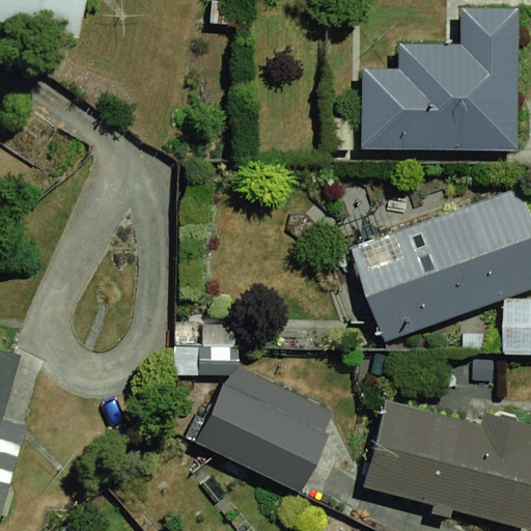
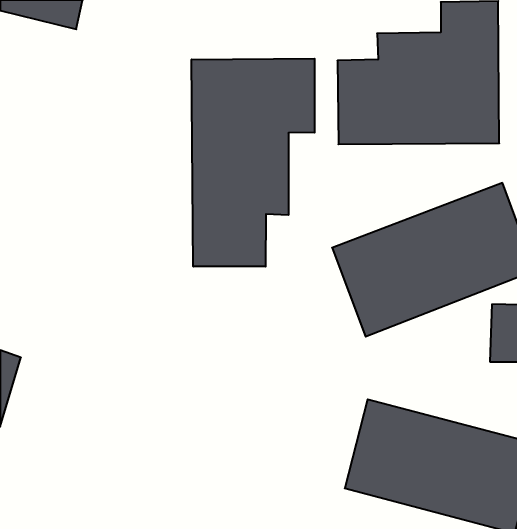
building: none -> [192,59,315,267]
building: [185,366,329,500] -> none

